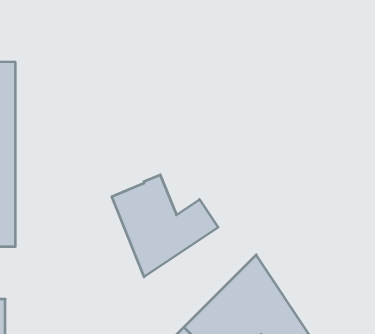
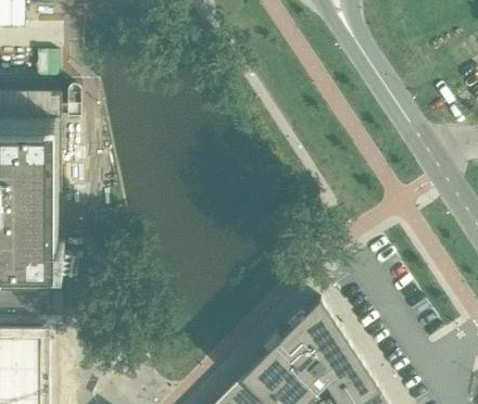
building: [112,175,218,277] -> none

